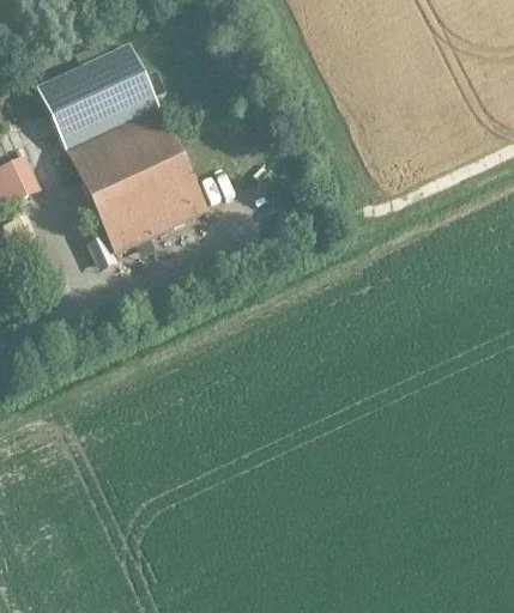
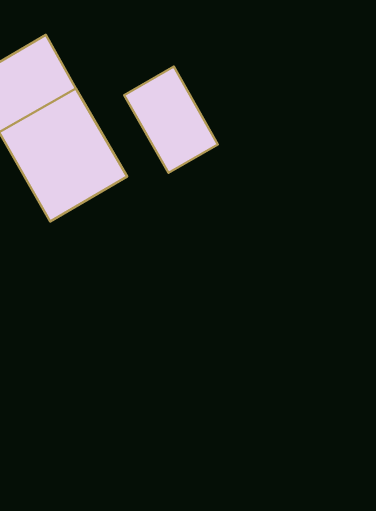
building: none -> [124,66,218,173]

